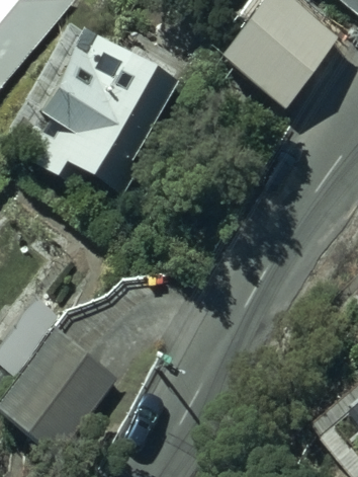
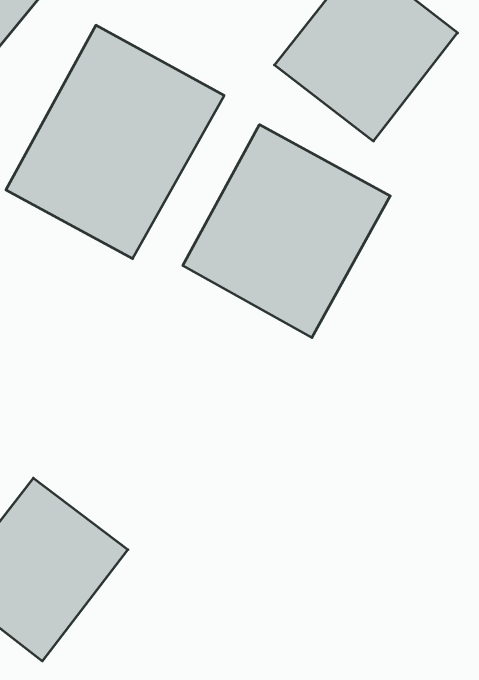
building: none -> [183,125,390,338]

